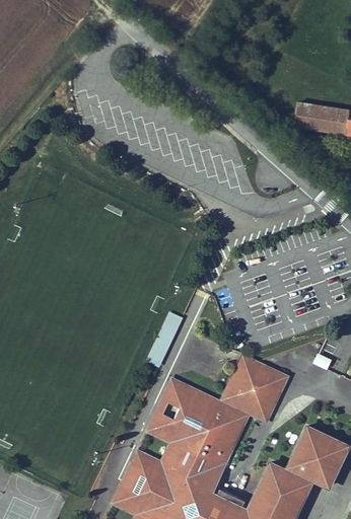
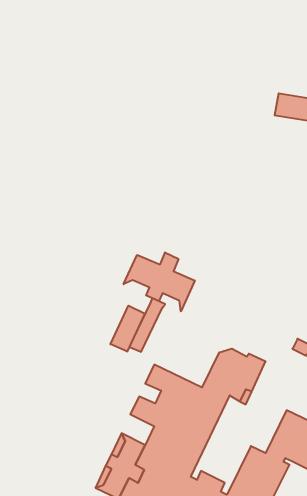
building: none -> [124,252,195,311]
building: none -> [110,306,145,352]

